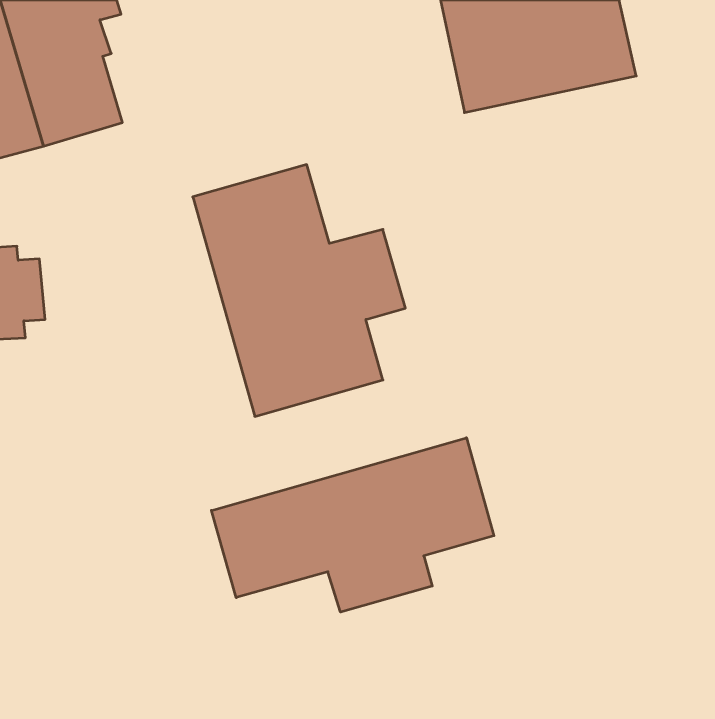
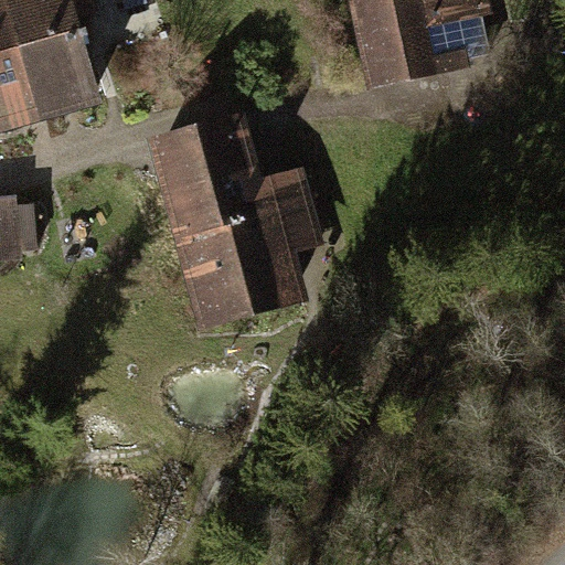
building: [211,438,494,612] -> none

